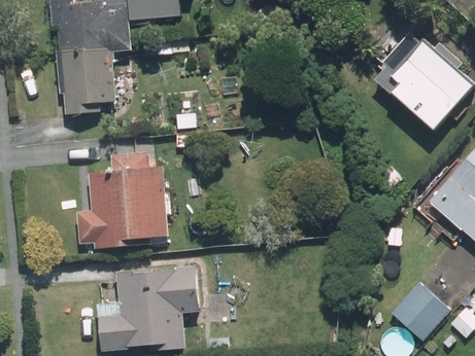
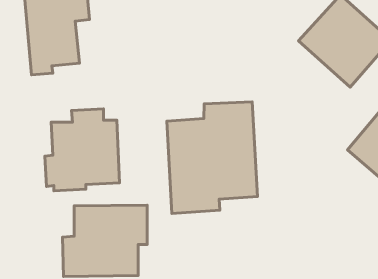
building: none -> [167,102,257,214]
building: [391,280,451,340] -> none

